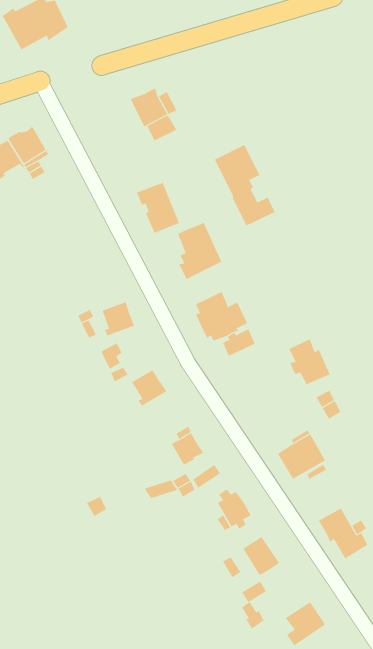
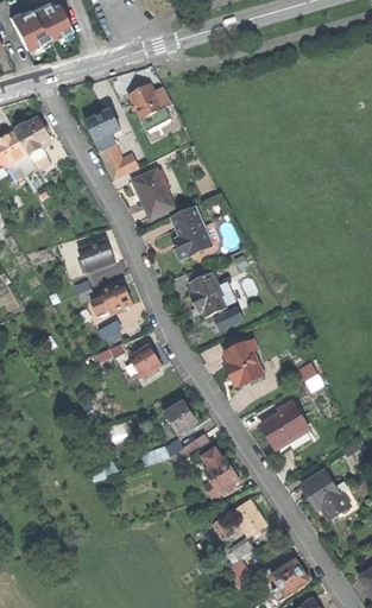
building: [214,144,276,226] -> [82,103,139,179]
building: none -> [78,234,114,270]
building: [288,339,331,385] -> [225,341,264,384]

